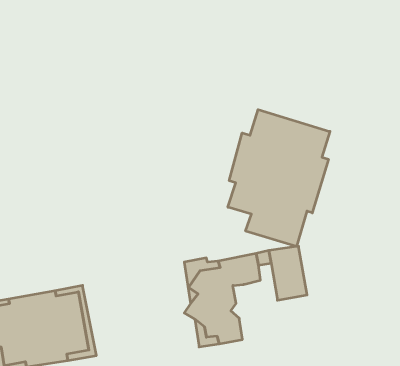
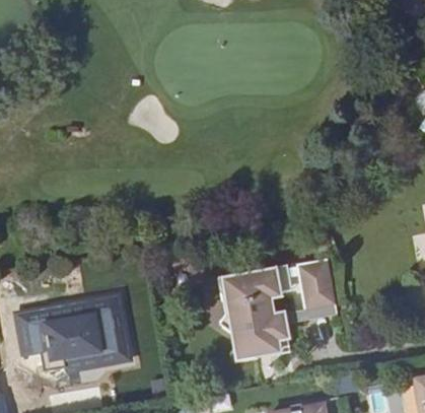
building: [228,110,330,246] -> none
building: none -> [261,293,336,346]

